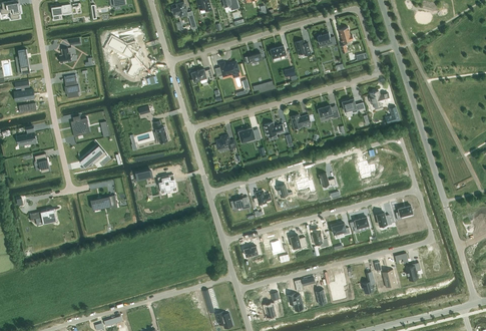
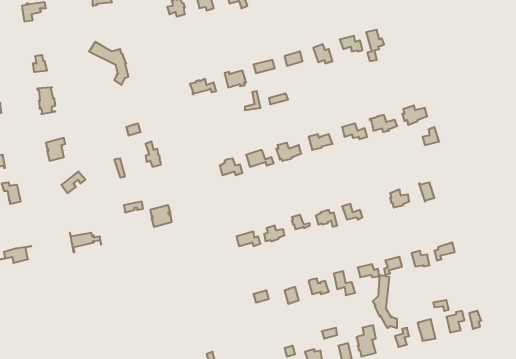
building: none -> [373,275,397,328]

